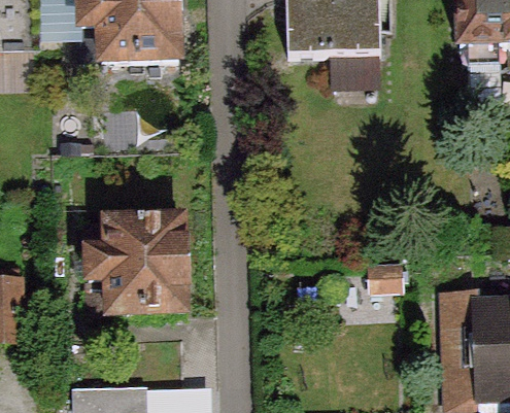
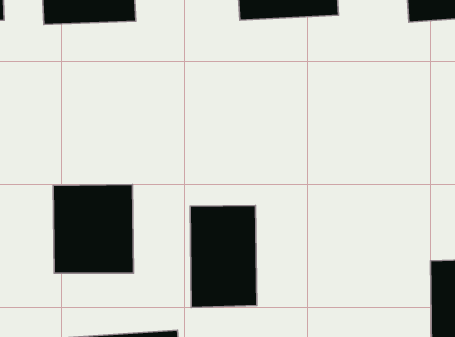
building: none -> [190,205,257,307]

